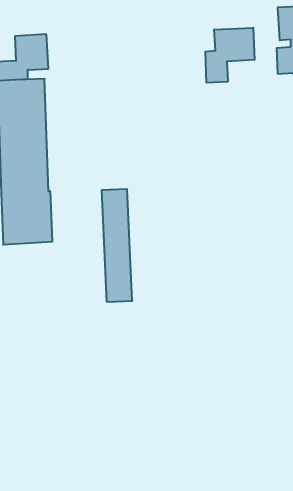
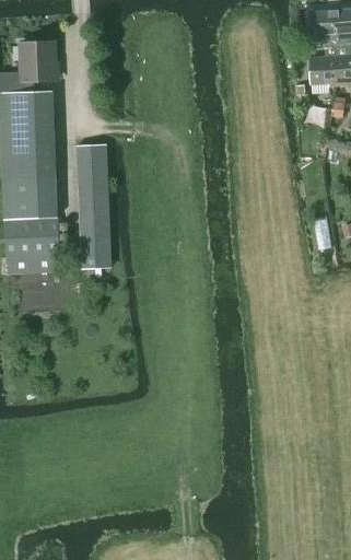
building: [205,28,254,83] -> none
building: [102,189,132,302] -> [75,143,109,268]

